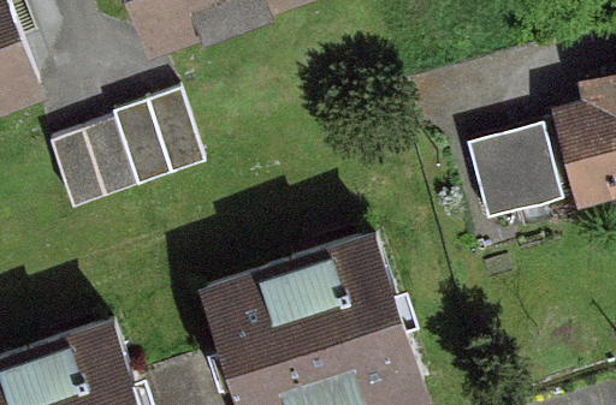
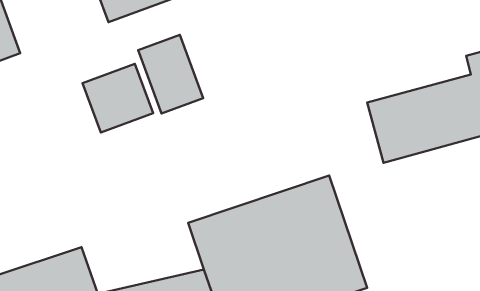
building: none -> [138,35,203,114]
building: [45,118,132,202] -> none

